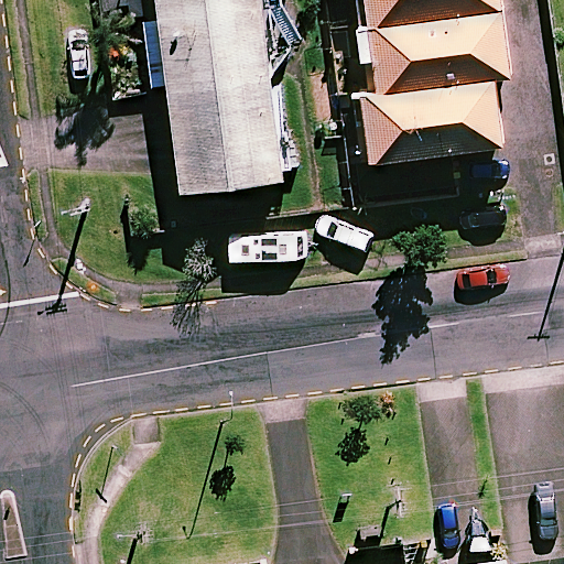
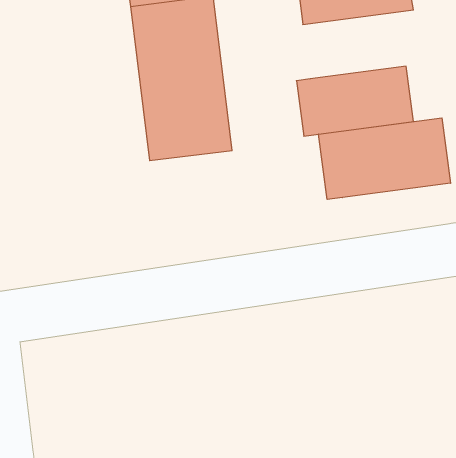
building: [368,12,510,96] -> none
building: none -> [319,118,451,199]

